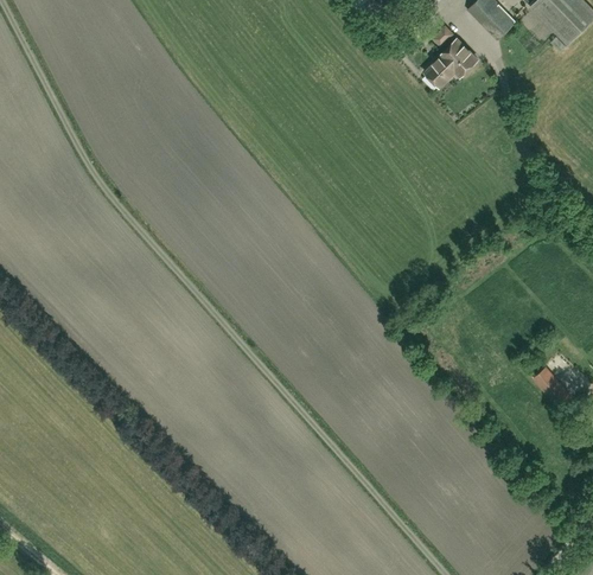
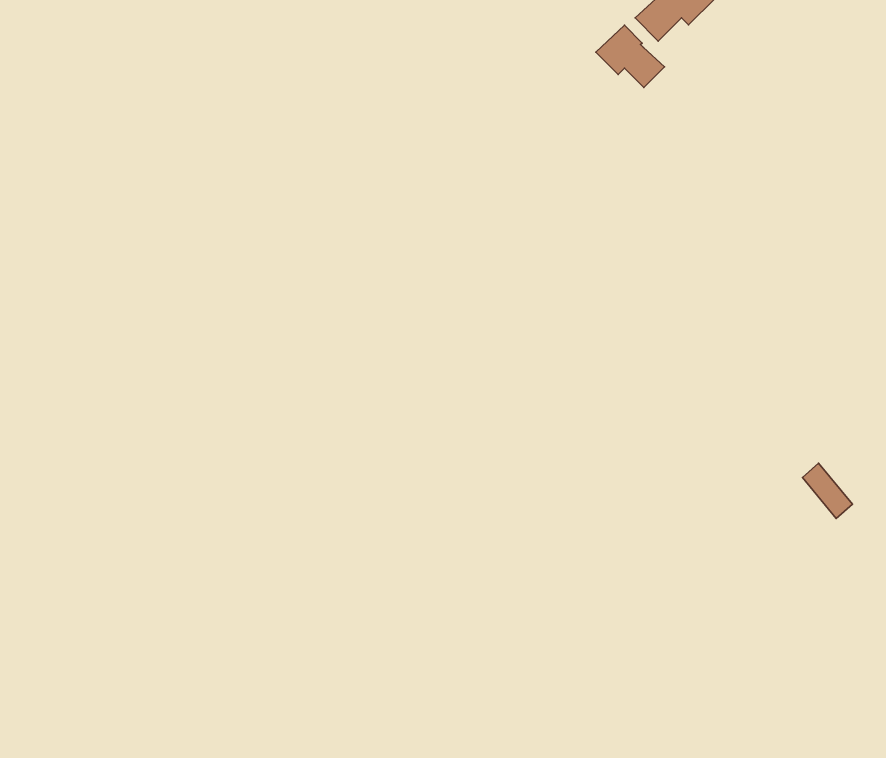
building: none -> [596,25,664,88]

